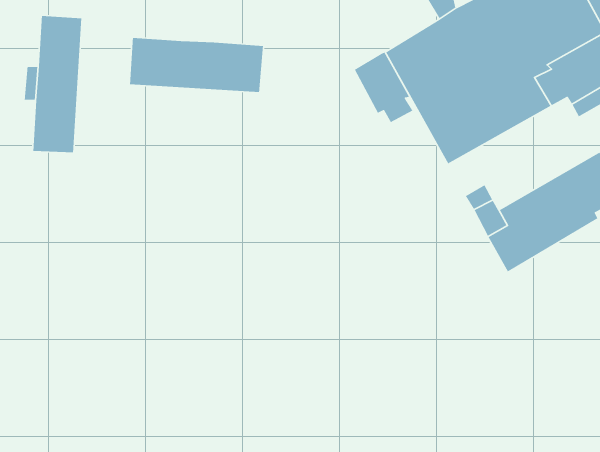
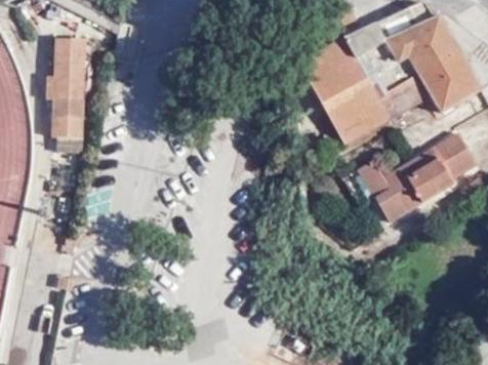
building: [129,37,264,93] -> none
building: [354,52,414,123] -> none

